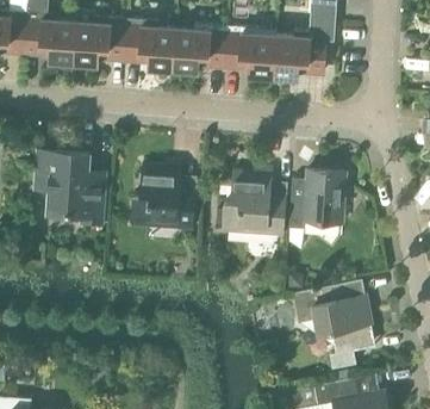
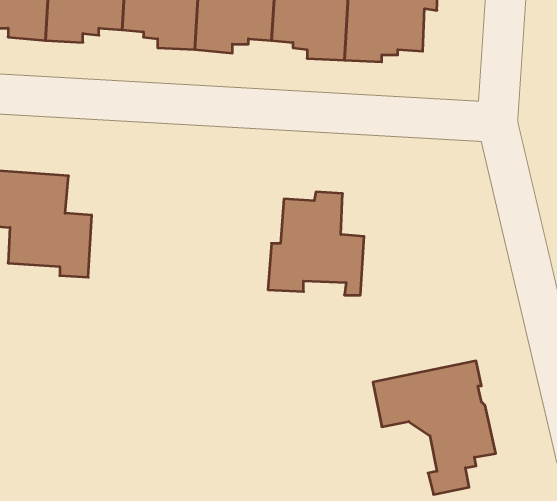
building: [131,160,195,229] -> none
building: [288,171,344,229] -> none

